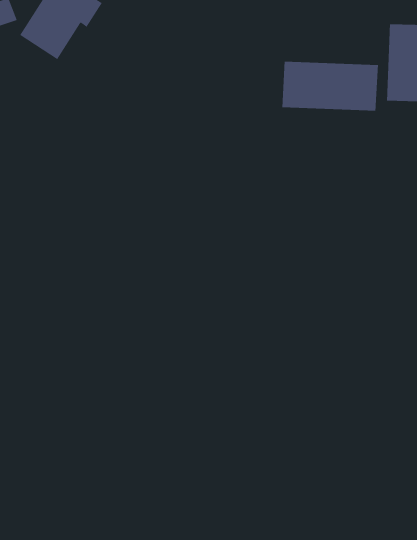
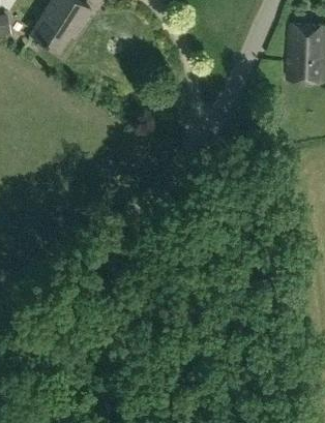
building: [281,61,379,112] -> none

